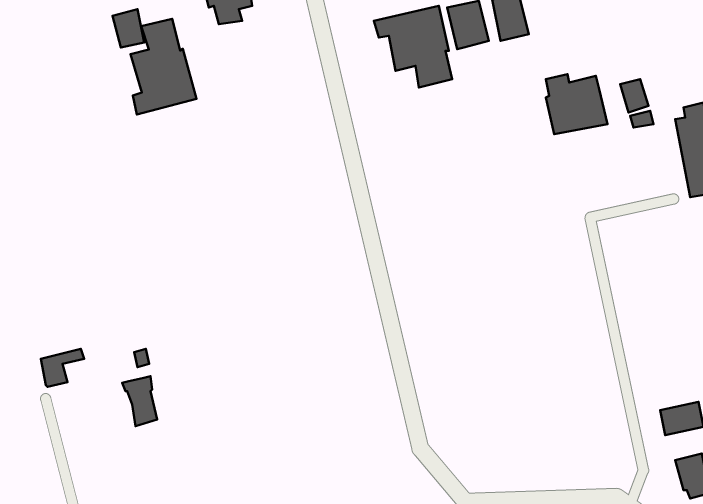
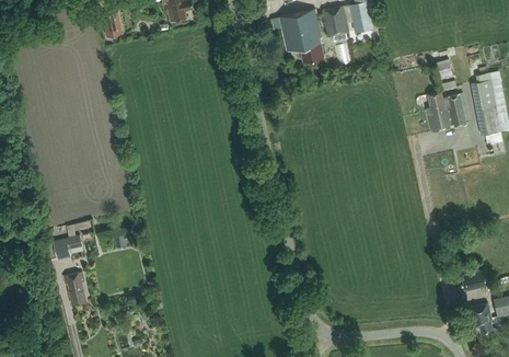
building: [130,19,196,115] -> none
building: [546,74,607,134] -> [427,93,467,133]
building: [122,376,157,426] -> [63,274,86,307]

